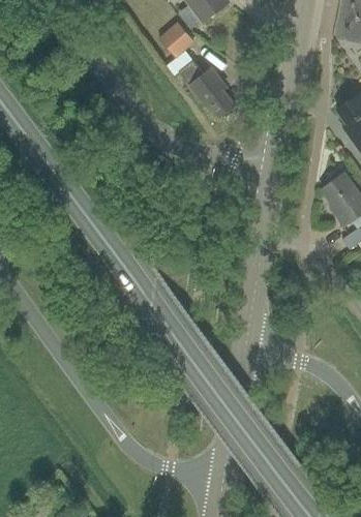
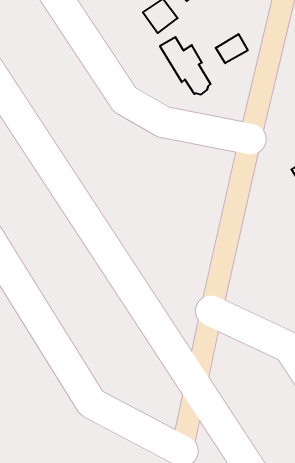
building: none -> [216,34,248,63]

